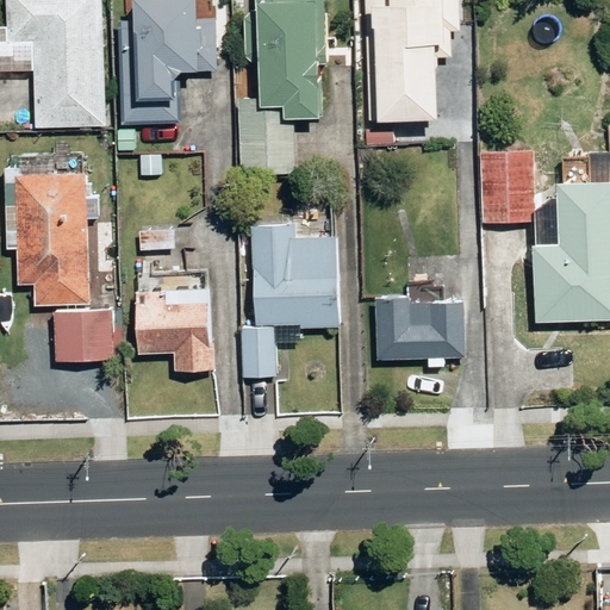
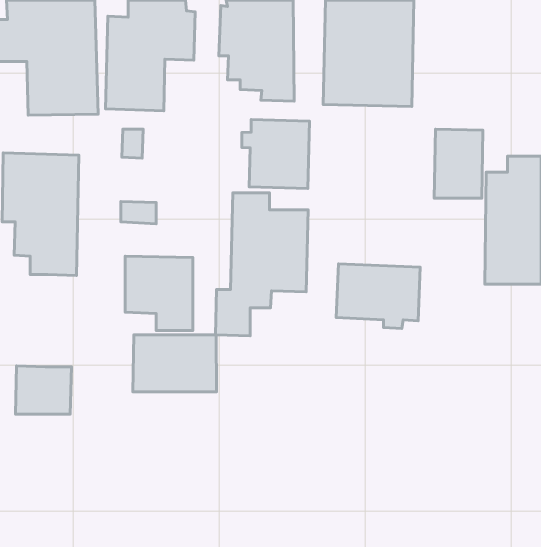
building: none -> [242,120,310,188]
building: [51,307,113,361] -> [15,366,71,414]
building: none -> [133,335,217,392]

